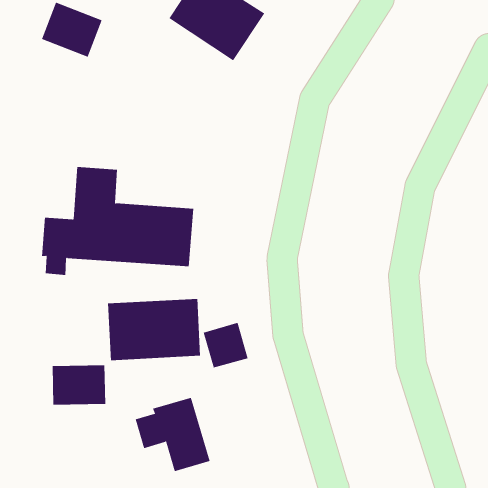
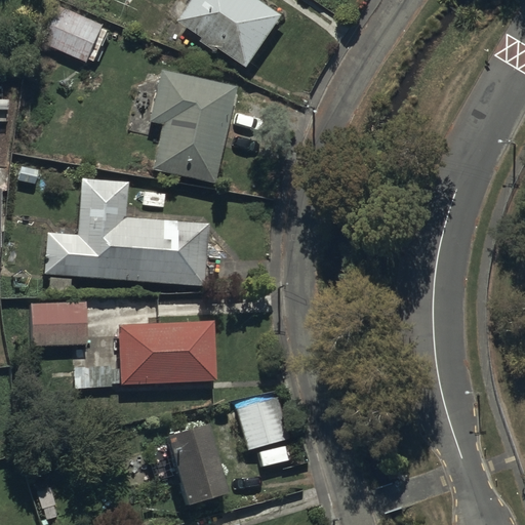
building: none -> [150,70,238,184]
building: [203,322,249,368] -> [238,399,287,448]
building: [52,365,106,405] -> [29,301,87,345]

